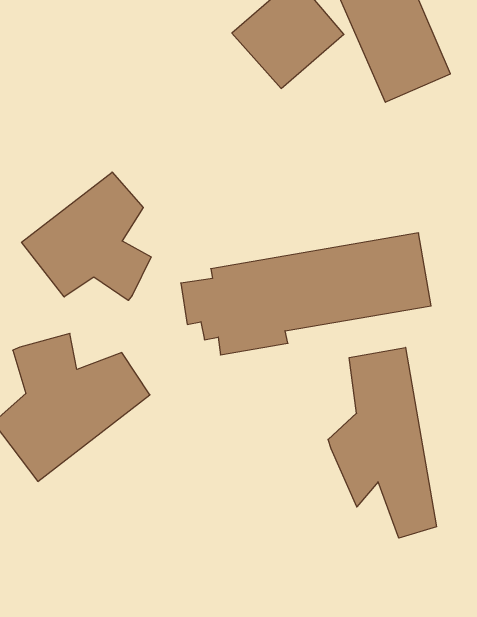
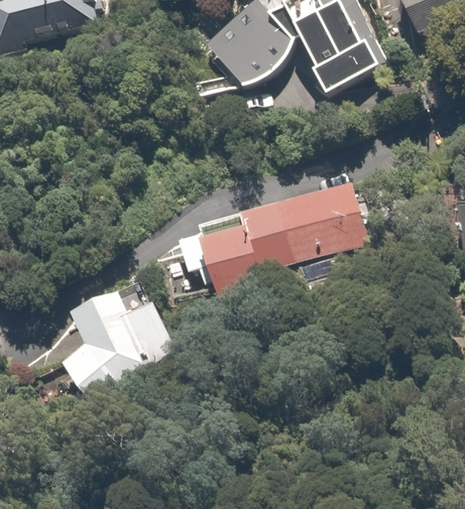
building: [22,172,151,300] -> none
building: [328,347,437,538] -> none

